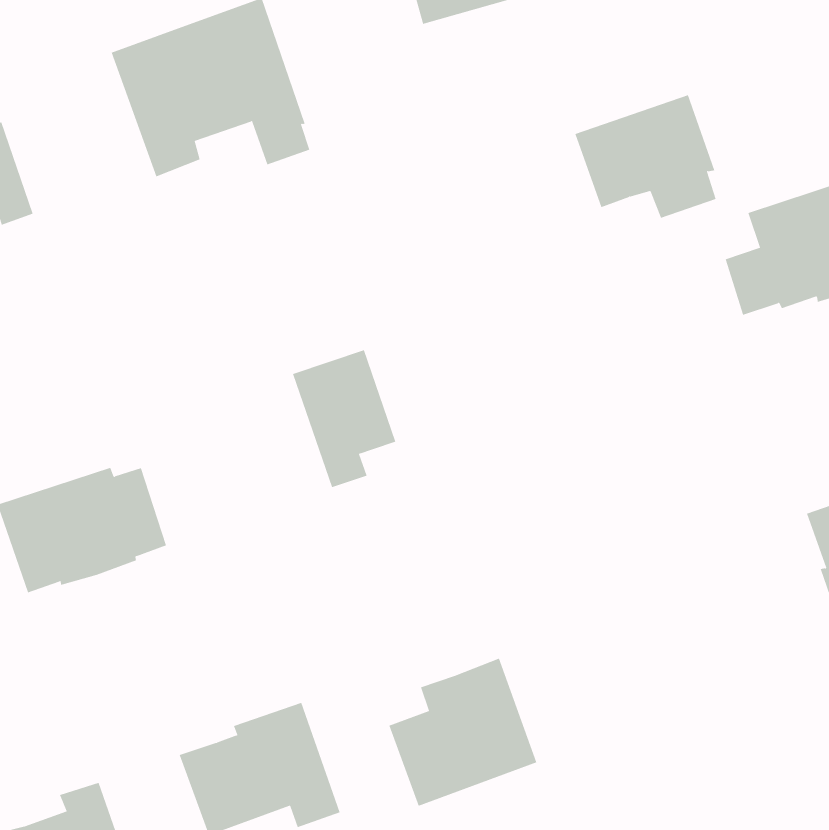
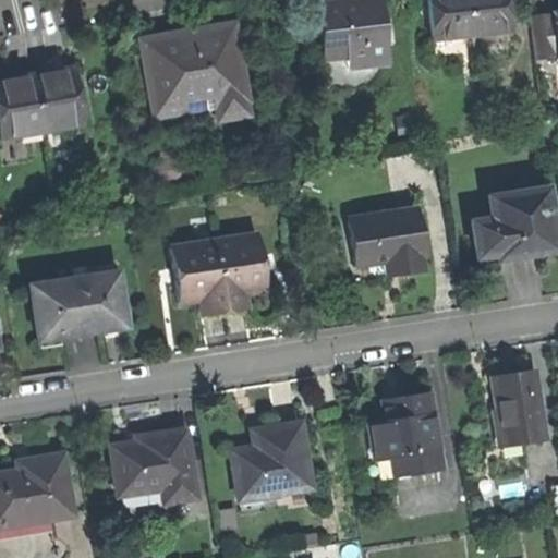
building: [574,95,716,219] -> [349,205,425,272]
building: none -> [171,242,226,315]
building: none -> [369,389,441,474]

